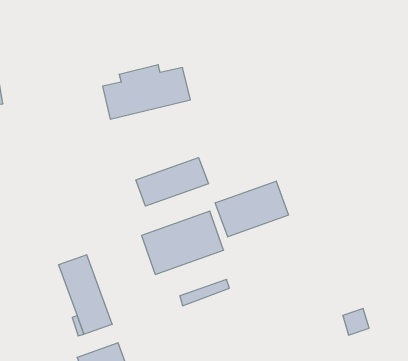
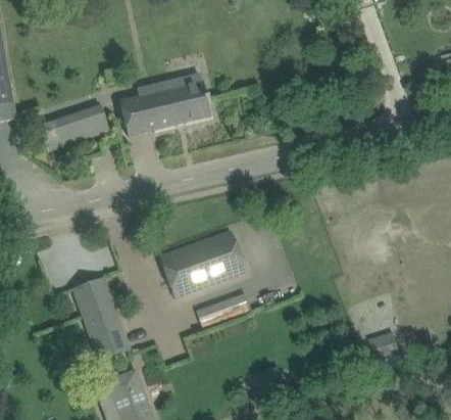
building: none -> [38,103,108,149]
building: [136,158,208,206] -> none
building: [215,181,289,237] -> none

